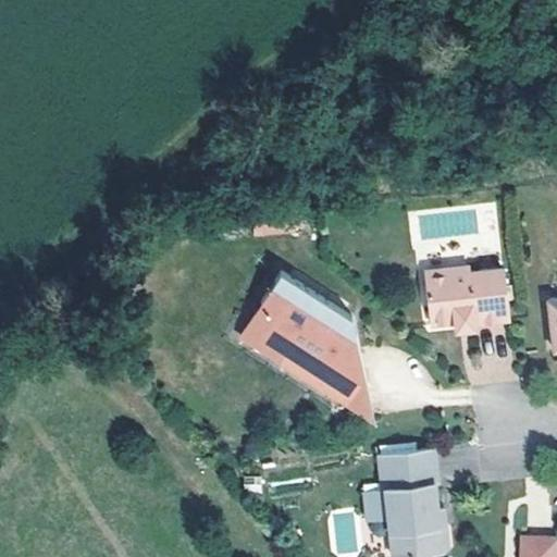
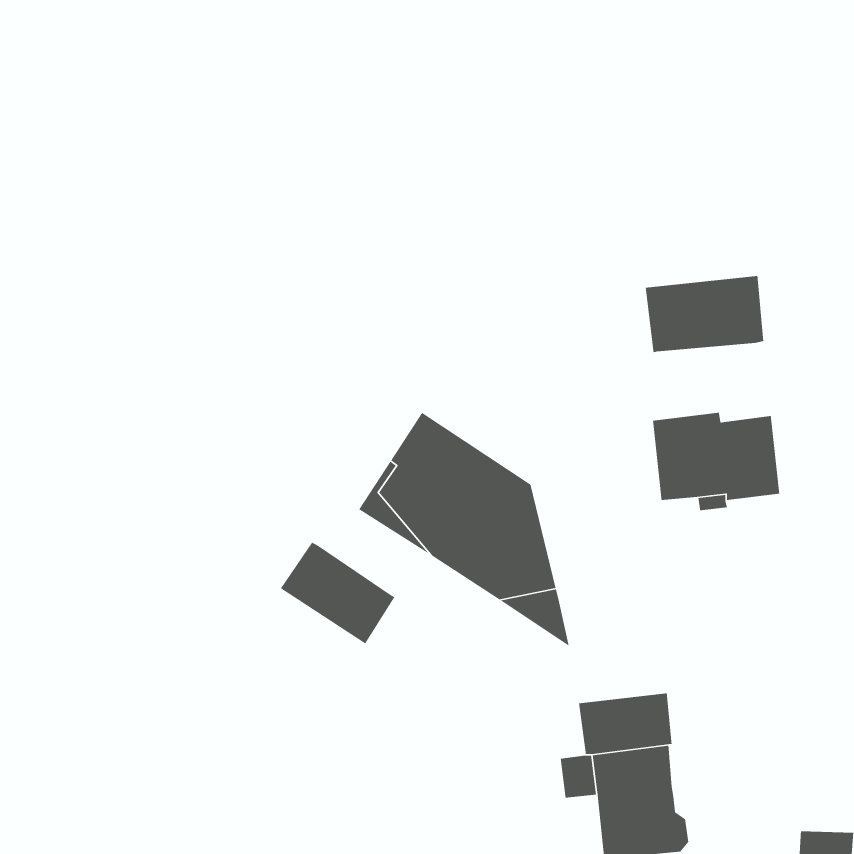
building: none -> [645,275,764,353]
building: none -> [280,542,396,645]

